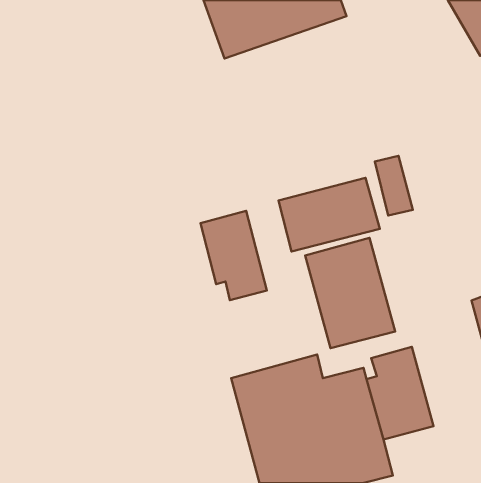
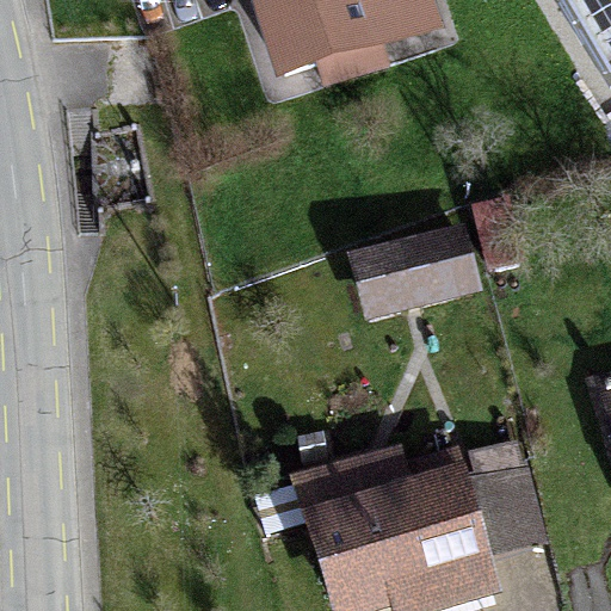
building: [201,211,267,300] -> none
building: [305,238,395,348] -> none

